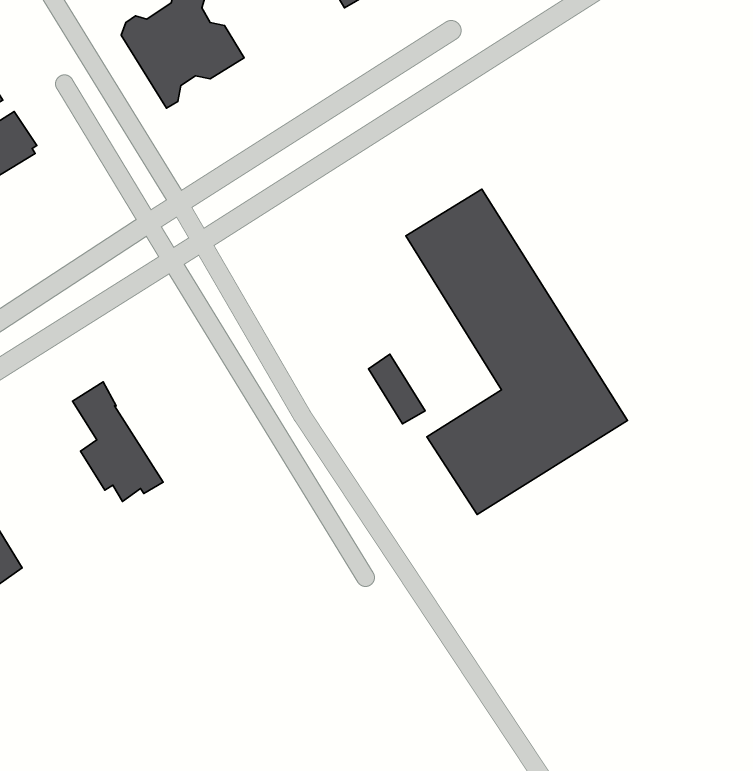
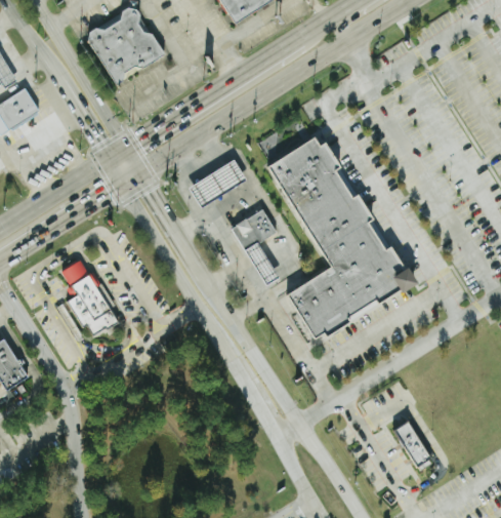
building: none -> [191,158,248,204]
building: none -> [232,207,277,249]
building: none -> [392,420,431,466]

